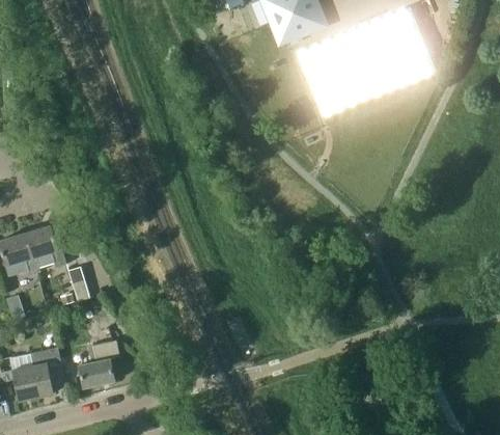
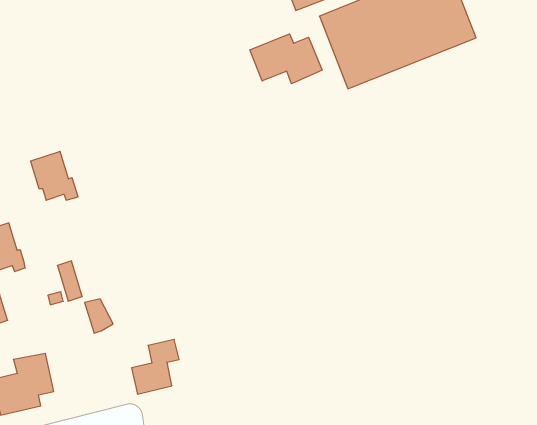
building: none -> [250,34,322,84]
building: [25,224,66,267] -> [31,152,78,200]
building: [78,339,119,387] -> [132,339,179,394]

